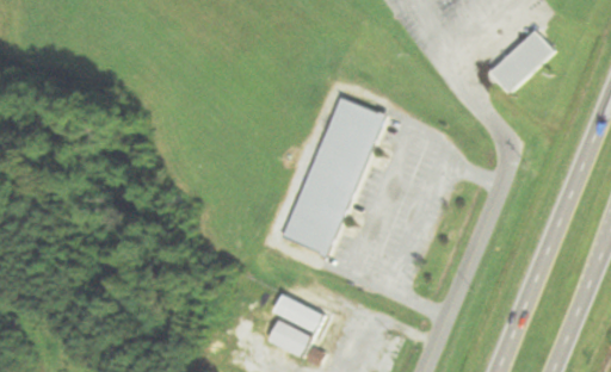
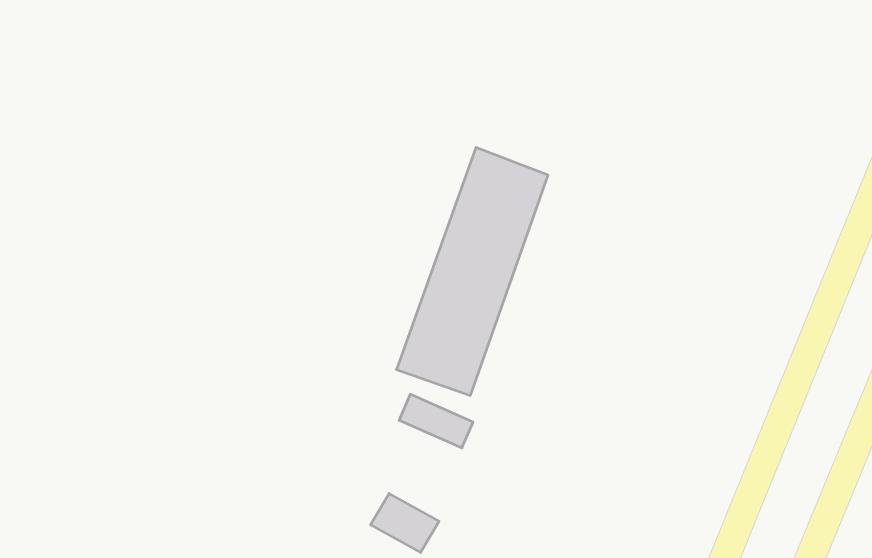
building: [488,30,554,92] -> none
building: [274,294,322,329] -> [399,394,473,448]

